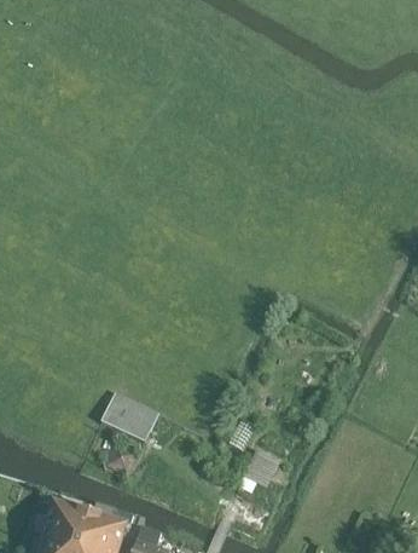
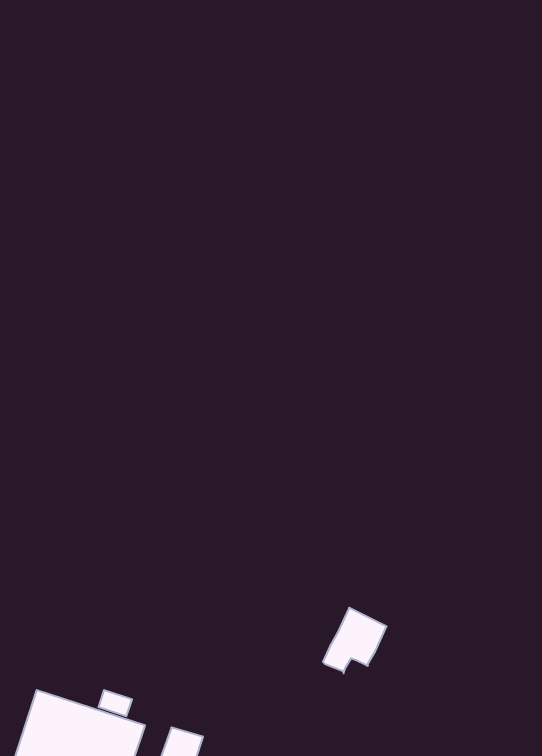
building: [101,393,158,443] -> none

